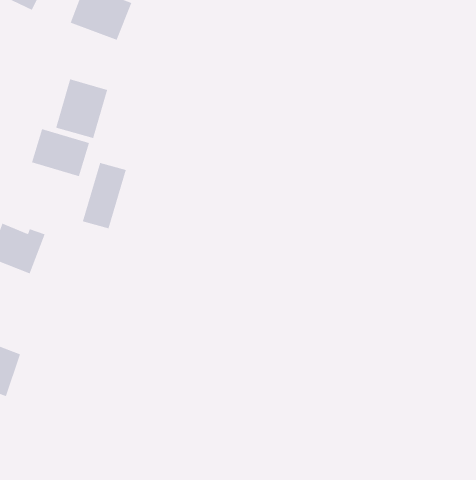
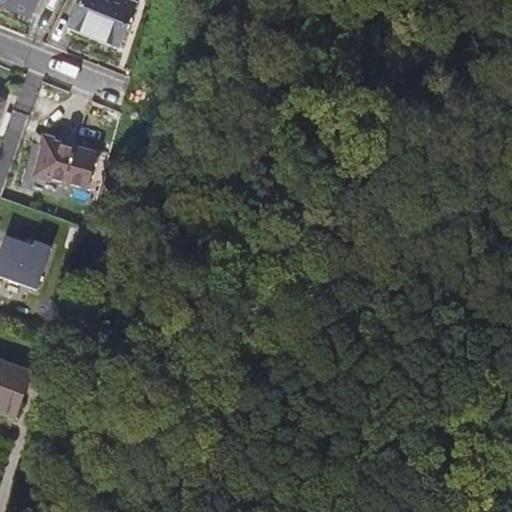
building: [55,79,108,139] -> none
building: [82,162,126,229] -> none

